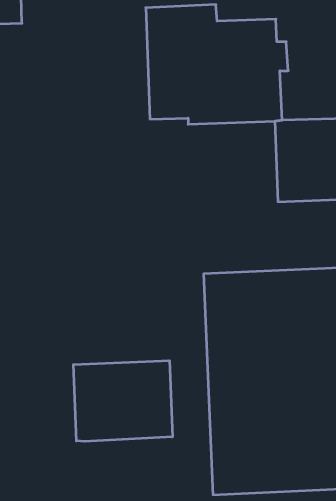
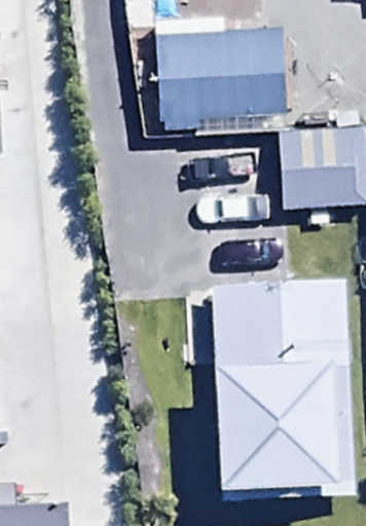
building: [73,361,172,441] -> none

